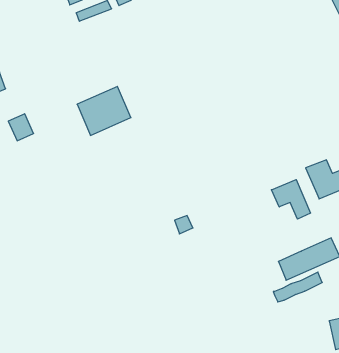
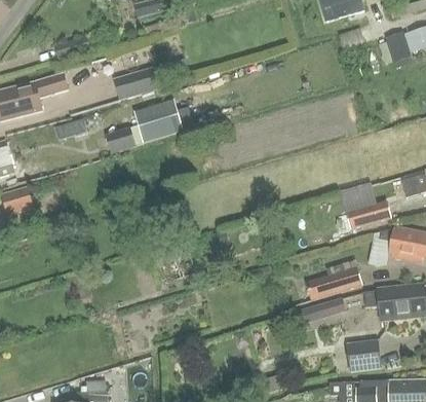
building: none -> [114,68,158,100]
building: none -> [106,125,135,152]
building: [271,180,310,219] -> none

